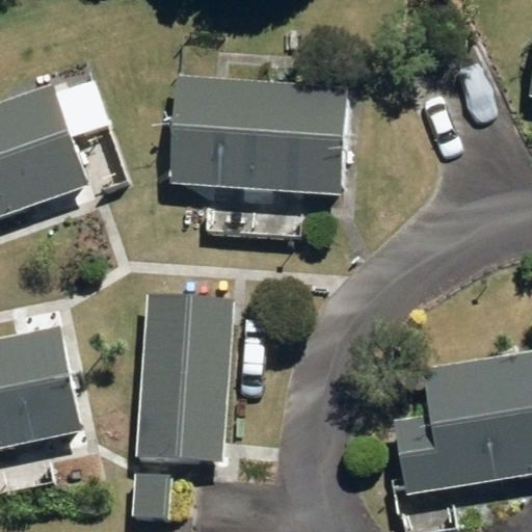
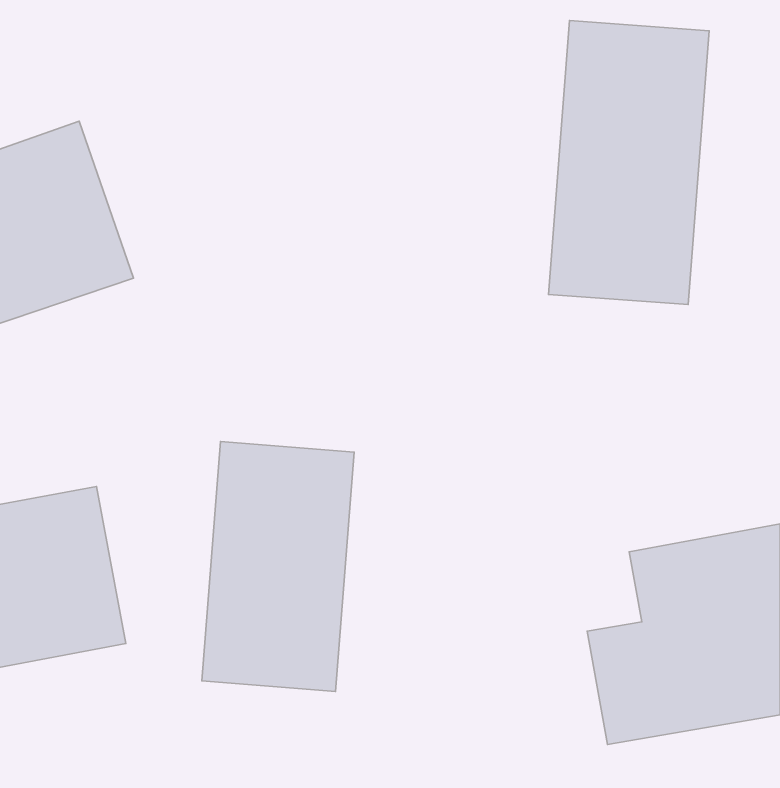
building: none -> [548,21,709,305]
building: [163,75,349,196] -> none

